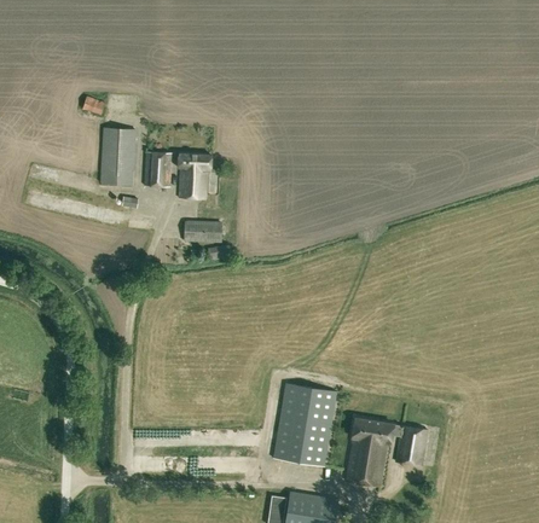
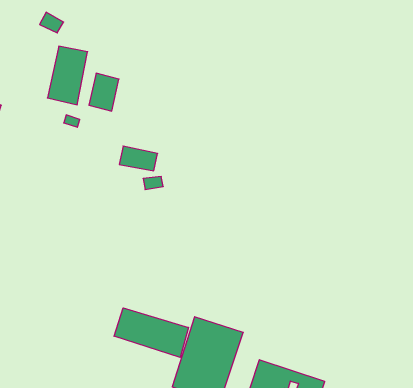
building: [178,153,210,198] -> none
building: none -> [114,308,188,357]

